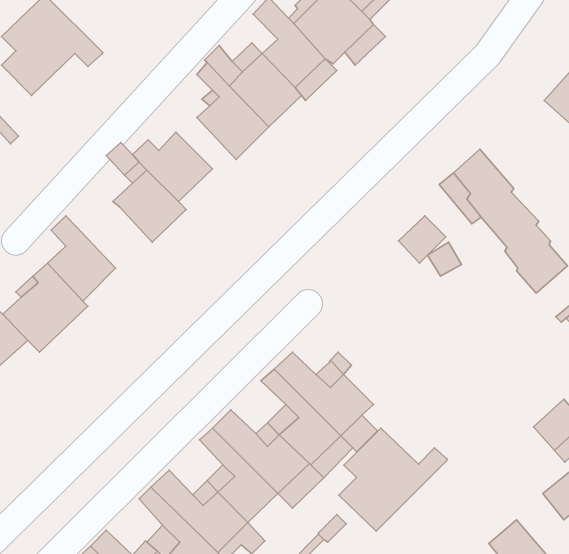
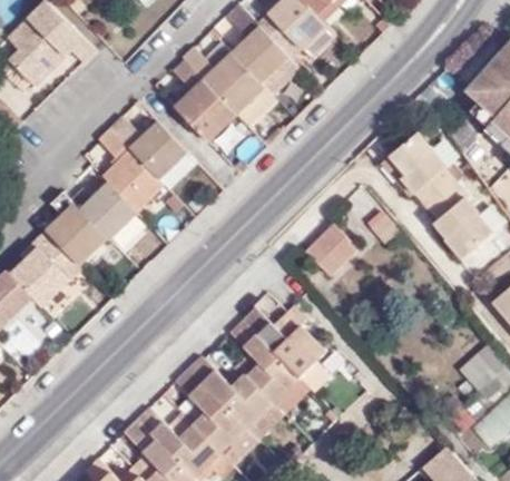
building: none -> [72,183,137,239]
building: none -> [304,220,359,275]
building: [339,428,447,531] -> none

